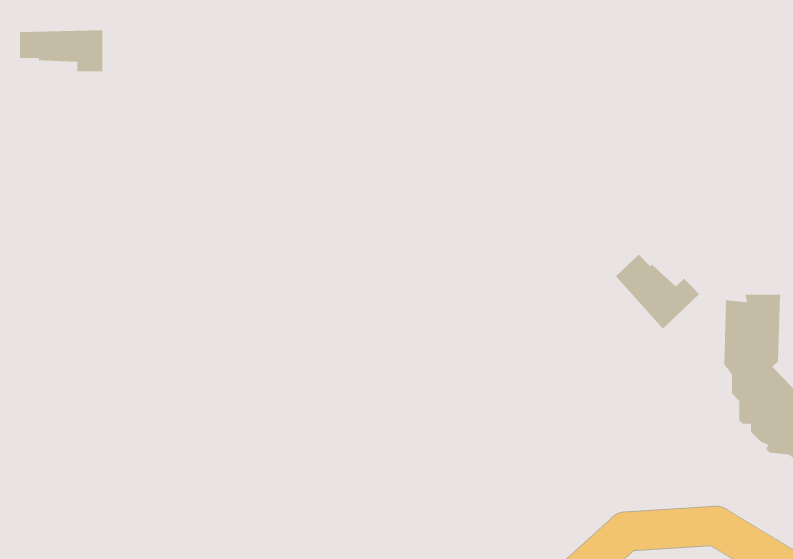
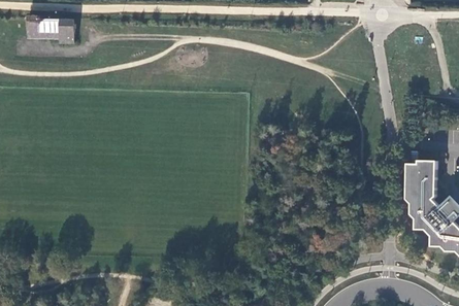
building: [615,254,700,329] -> none

